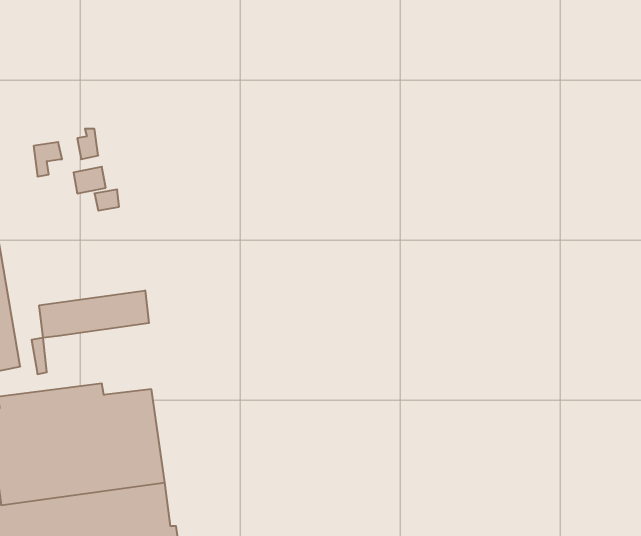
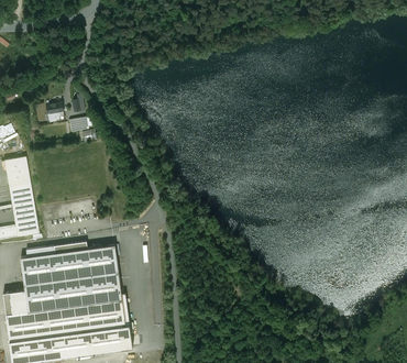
building: [39,290,149,338] -> none

